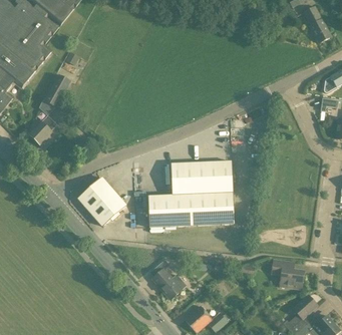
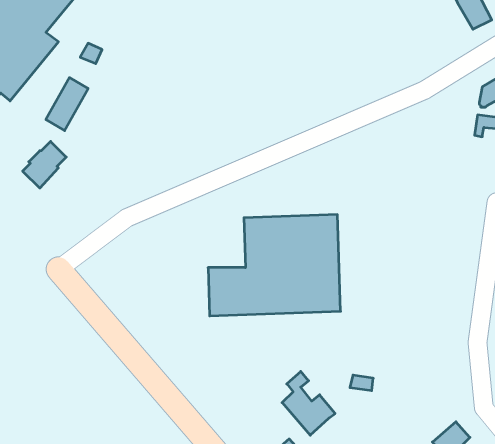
building: [77,178,125,226] -> none
building: [152,259,187,300] -> [282,371,335,435]
building: [272,260,304,289] -> none

